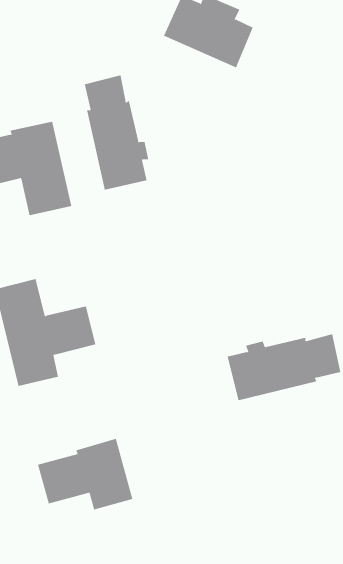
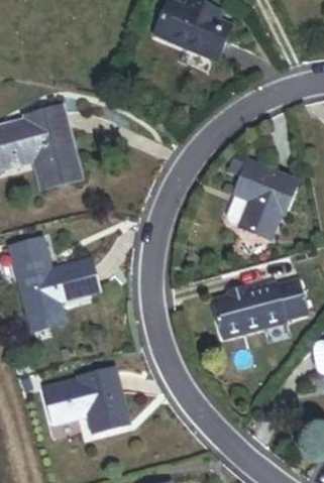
building: [84,75,149,190] -> none
building: none -> [224,168,291,240]

